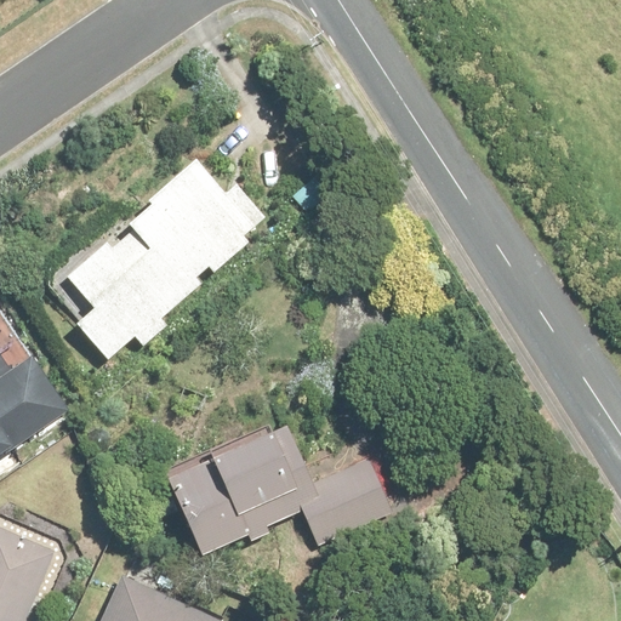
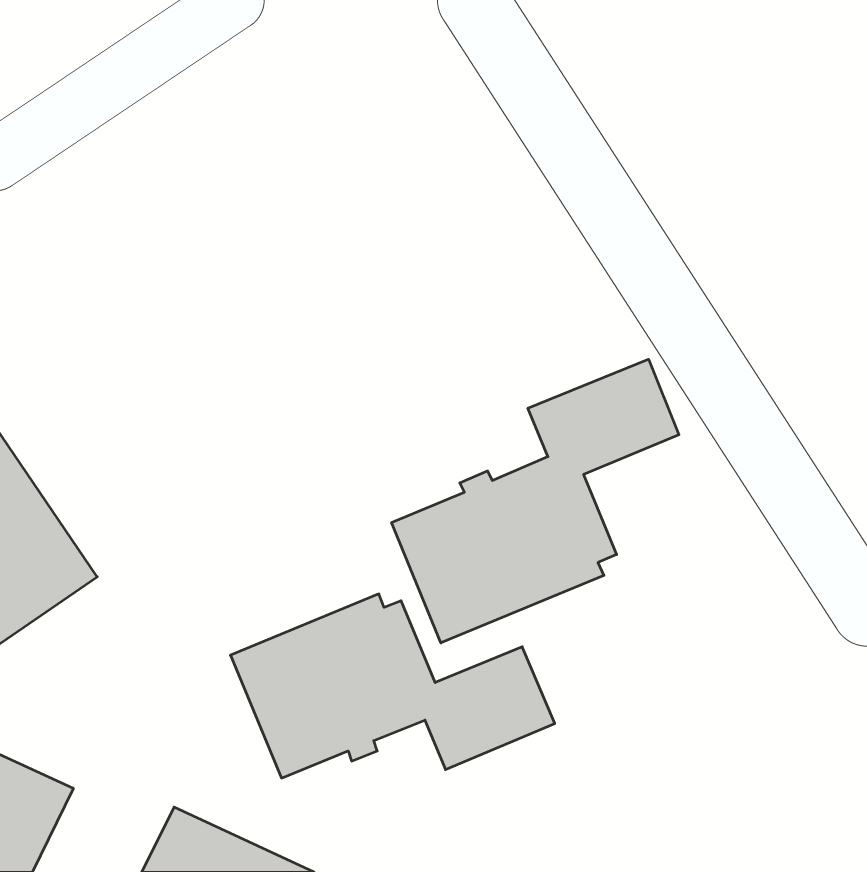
building: [67,160,262,360] -> none
building: none -> [392,359,679,643]

